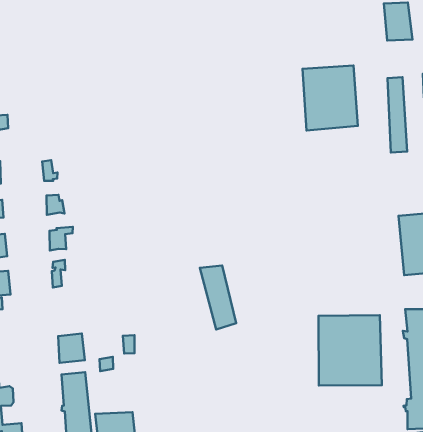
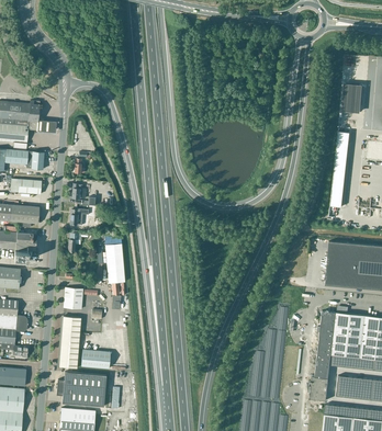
building: [302,66,358,131] -> none
building: [200,266,236,330] -> [104,236,124,283]
building: [319,315,382,386] -> none

